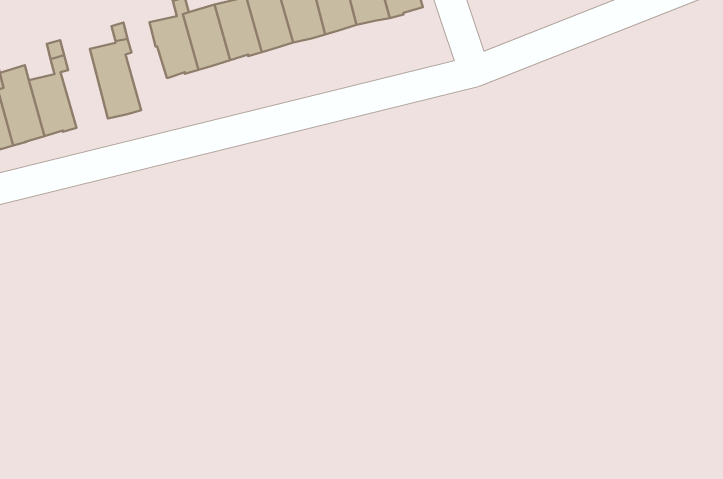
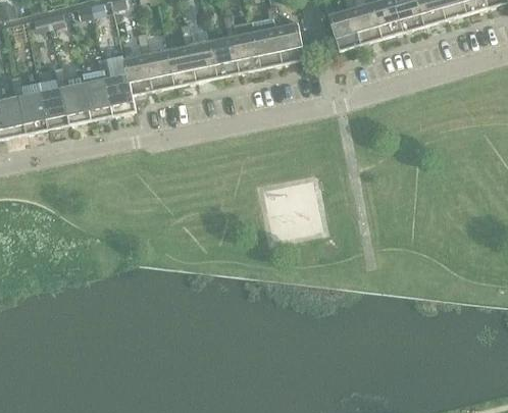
building: none -> [105,71,136,113]
building: none -> [61,81,91,122]

